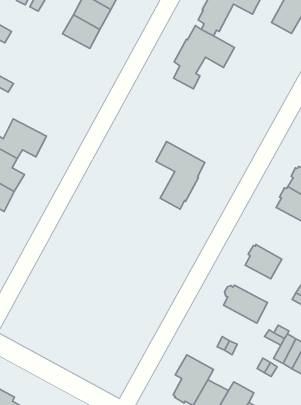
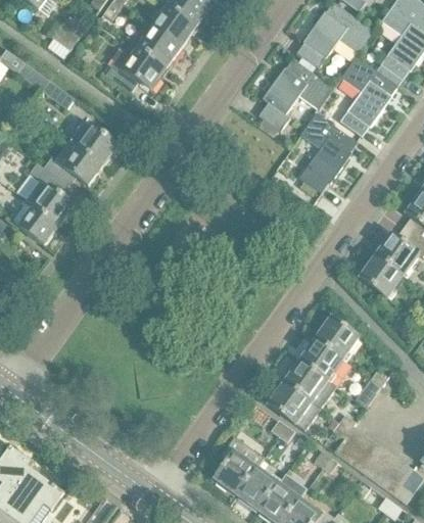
building: none -> [339,55,396,136]
building: none -> [105,43,167,93]
building: none -> [68,120,117,163]
building: [156,142,205,209] -> [299,112,356,192]
building: none -> [299,340,342,381]
building: none -> [268,383,320,430]

